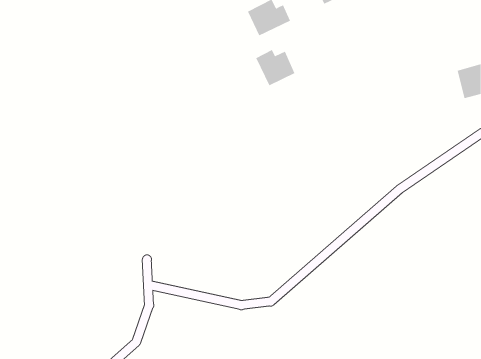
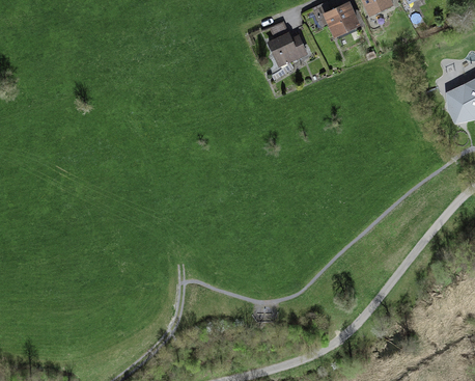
building: [256,49,295,86] -> none

